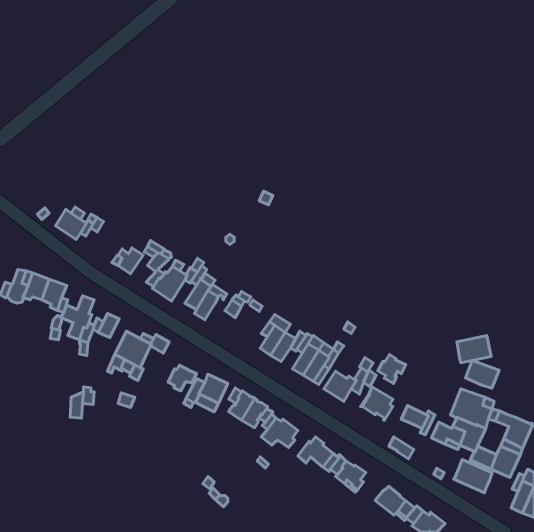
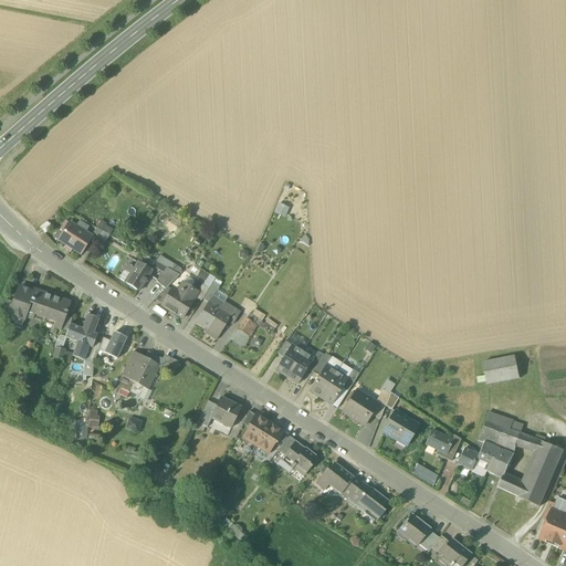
building: [378,355,406,383] -> none
building: [466,360,499,388] -> none
building: [168,365,196,391] -> none
building: [454,460,492,493] -> none

